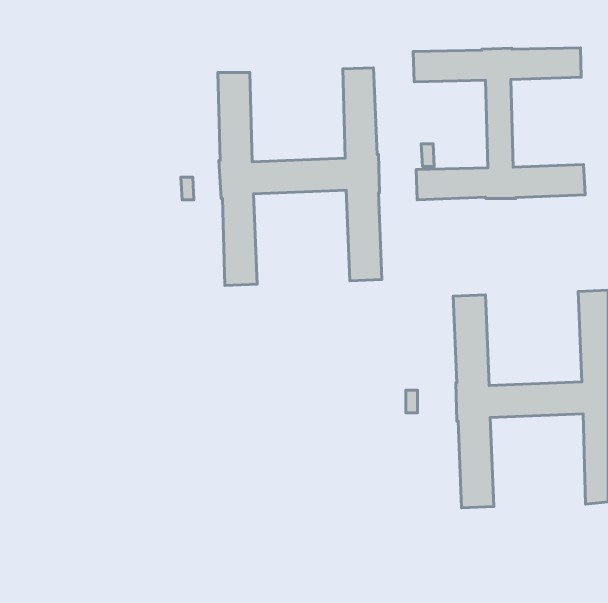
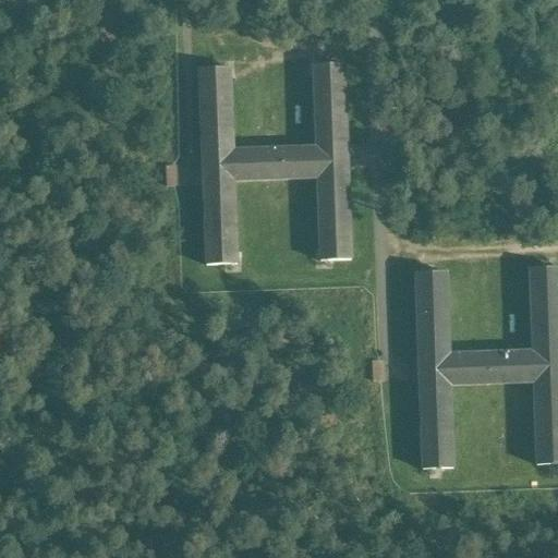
building: [413,48,585,200] -> none

